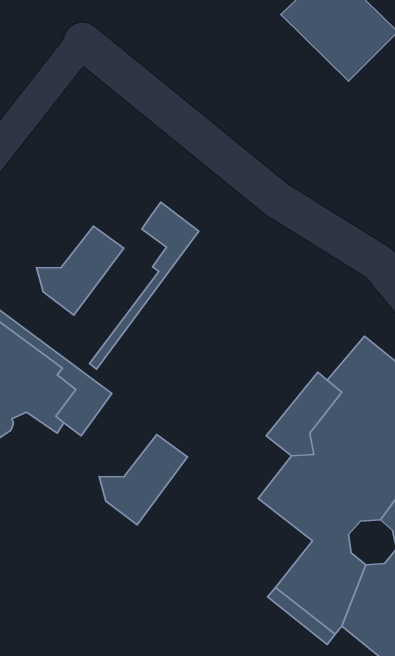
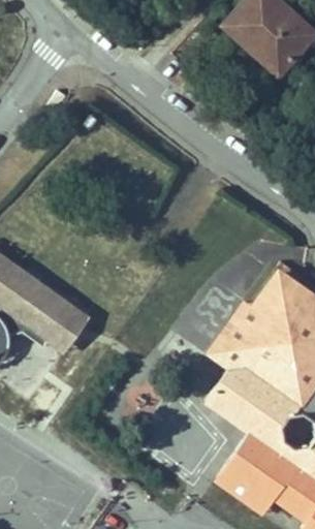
building: [90,202,199,369] -> none
building: [36,226,124,315] -> none
building: [99,435,188,525] -> none

